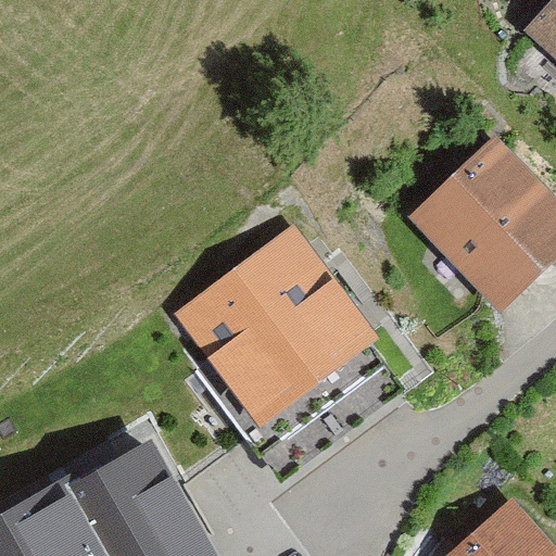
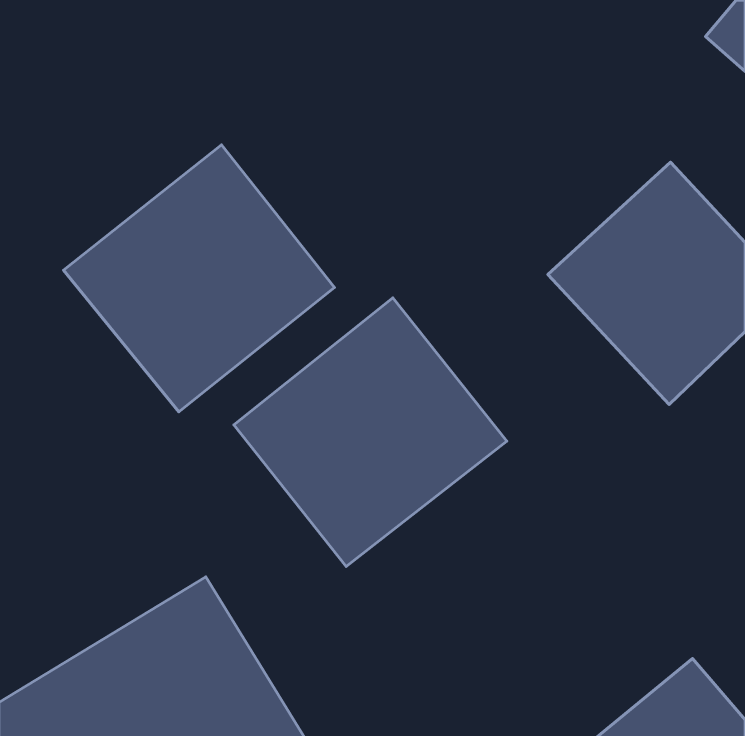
building: none -> [64,145,335,412]

